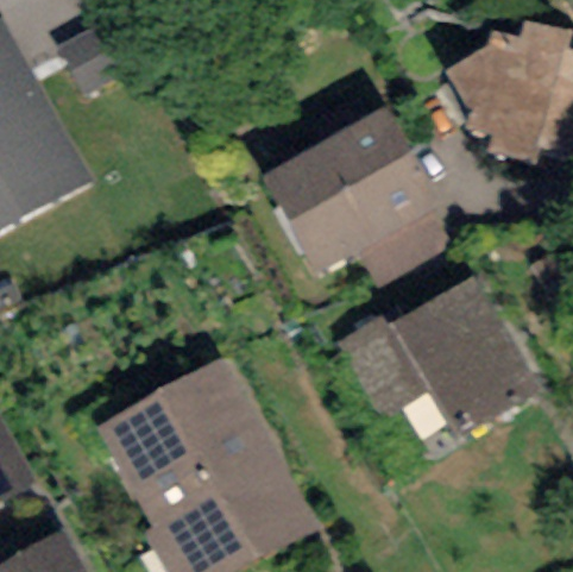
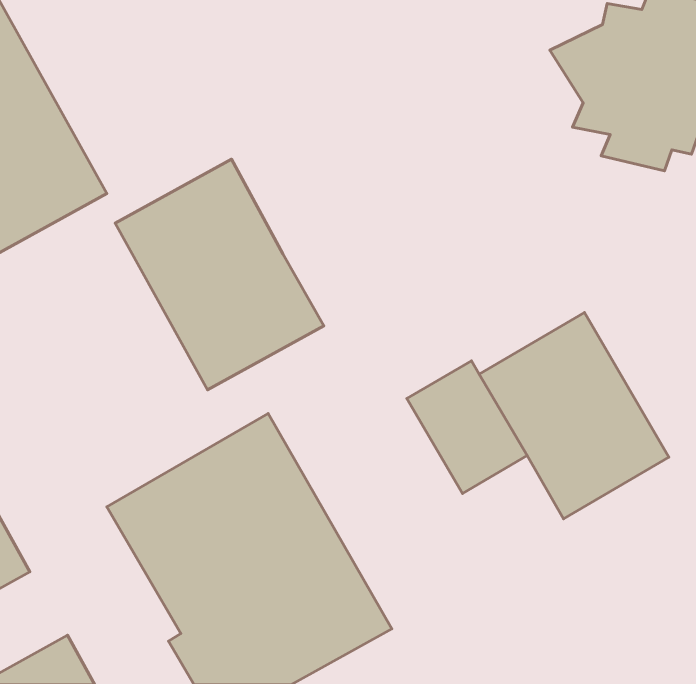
building: [259,108,458,289] -> none
building: none -> [115,159,324,390]

